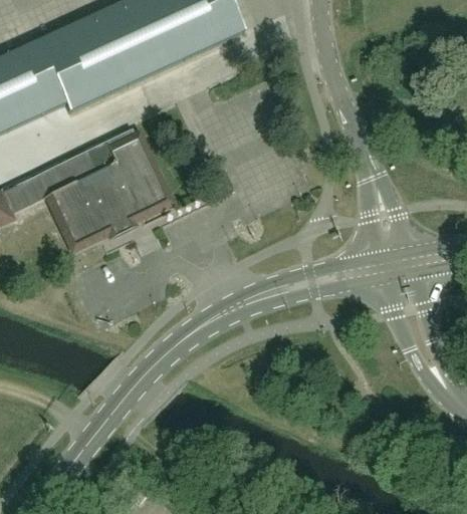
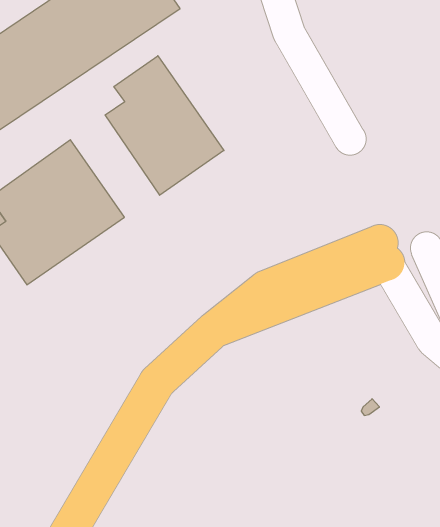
building: none -> [105,56,224,195]

